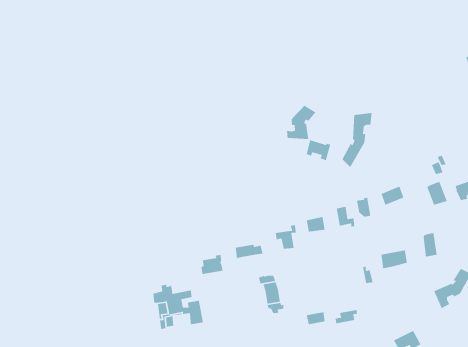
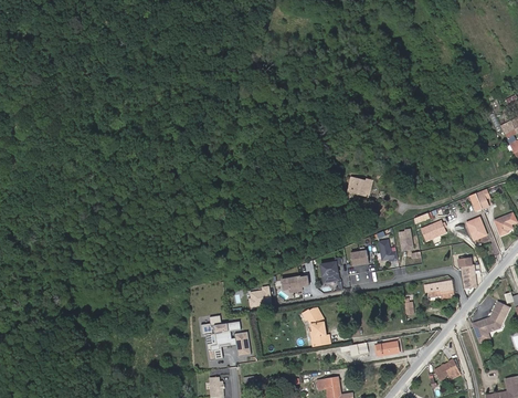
building: [286,105,317,140] -> none
building: [342,112,373,168] -> none

